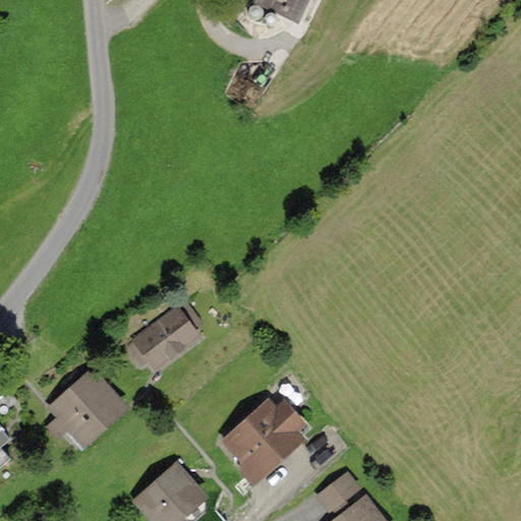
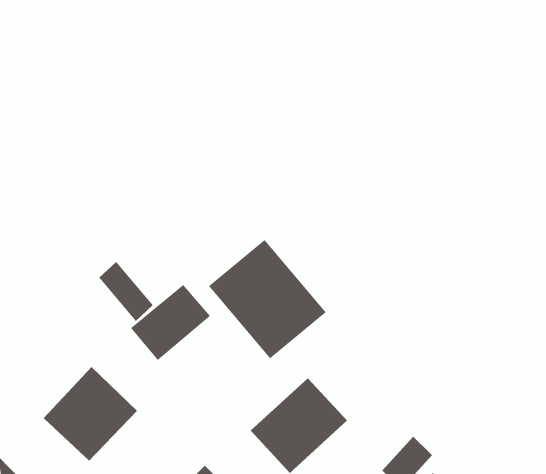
building: none -> [208,239,326,359]
building: none -> [98,261,154,322]

